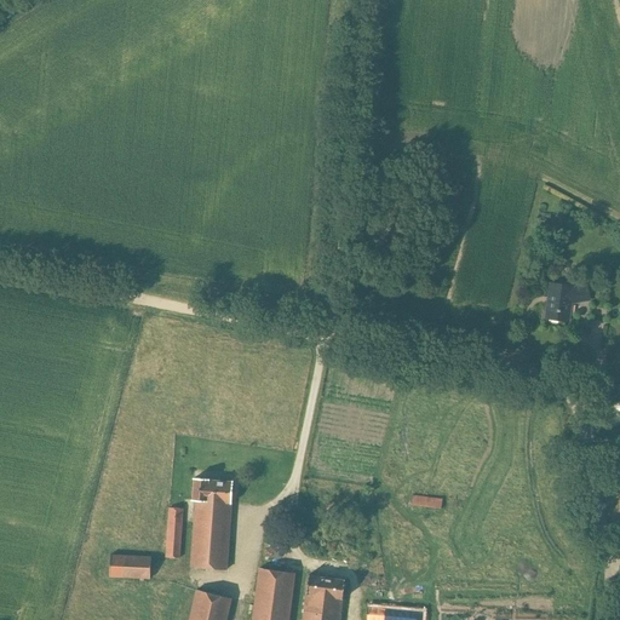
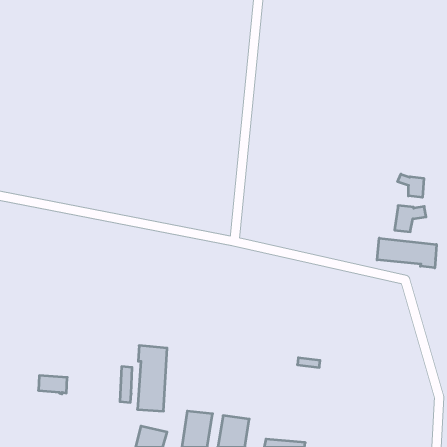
building: none -> [398,174,424,197]
building: none -> [377,238,436,268]
building: [109,555,149,580] -> [38,376,67,394]

